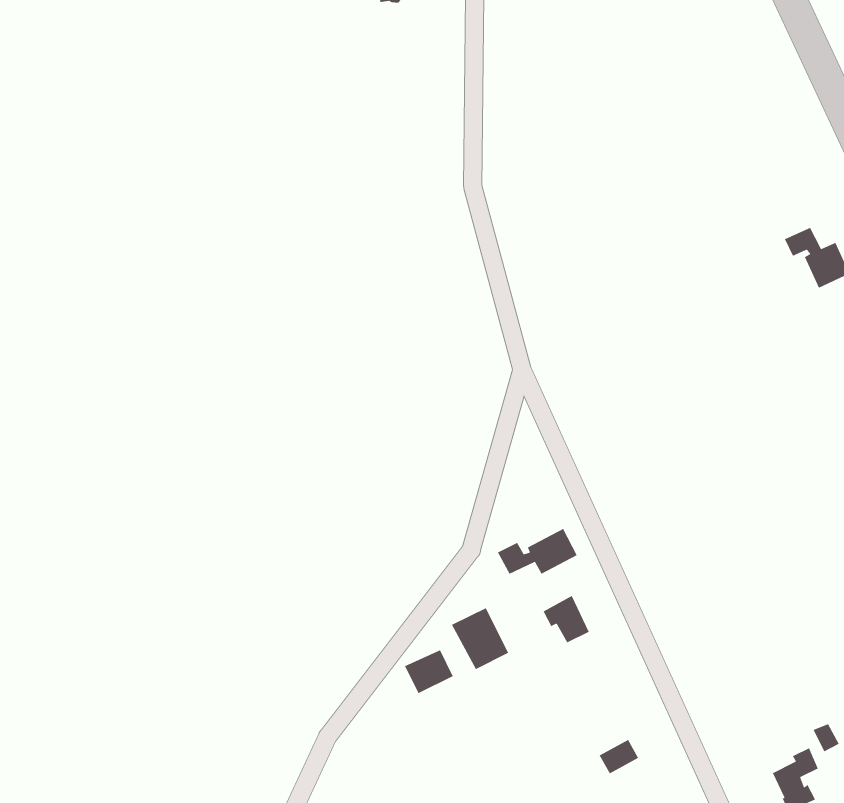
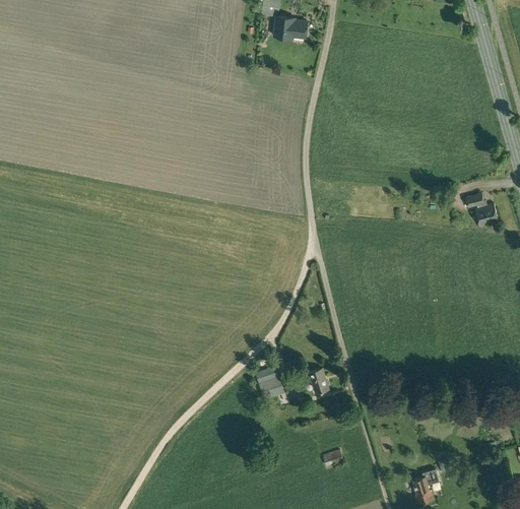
building: [497,528,578,575] -> none
building: [404,649,454,694] -> none

